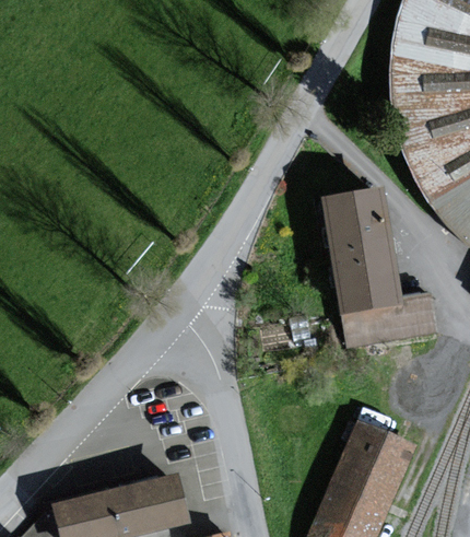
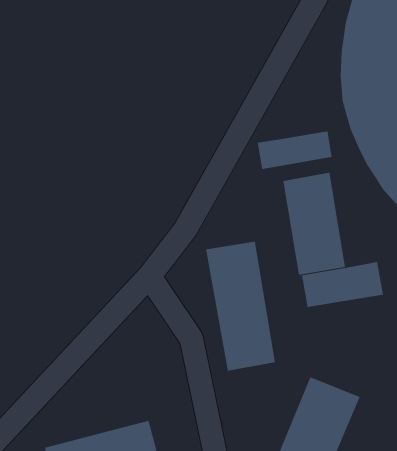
building: none -> [257,131,332,170]
building: none -> [206,241,276,371]

